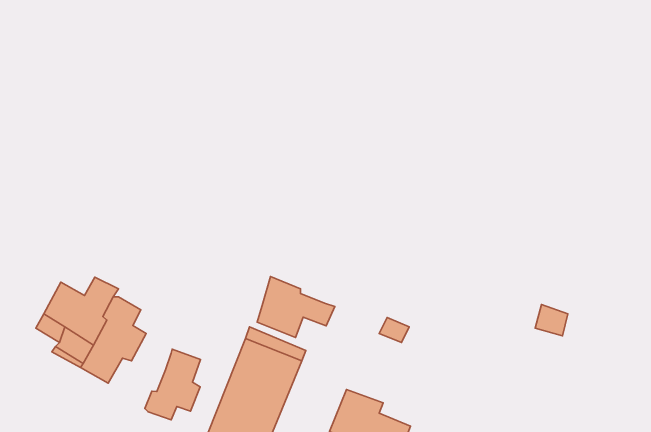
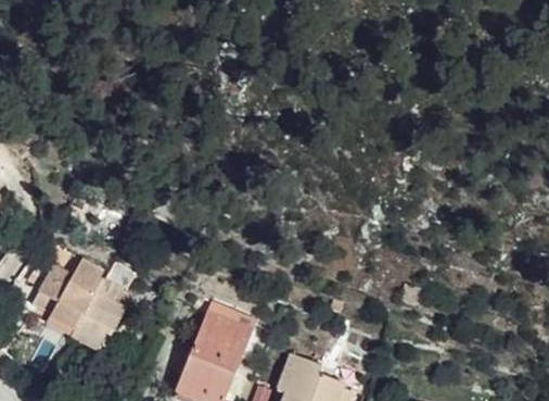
building: [257,277,335,338] -> none
building: [145,349,200,420] -> none

